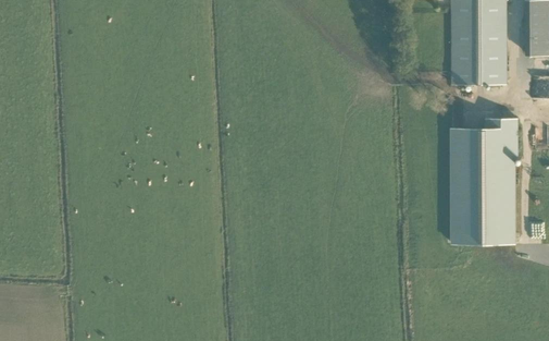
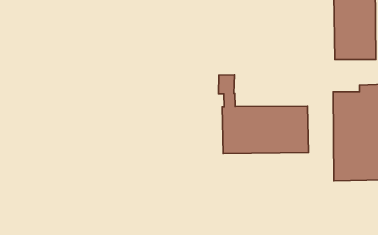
building: none -> [218,75,308,153]

